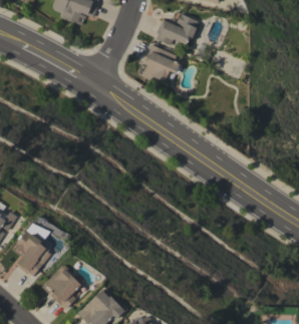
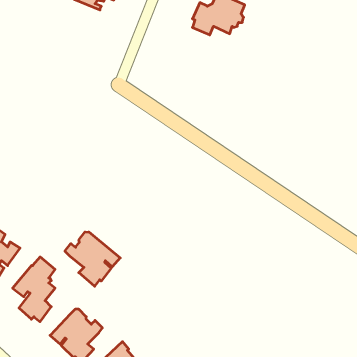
building: [136,44,182,82] -> none
building: none -> [65,232,120,286]

